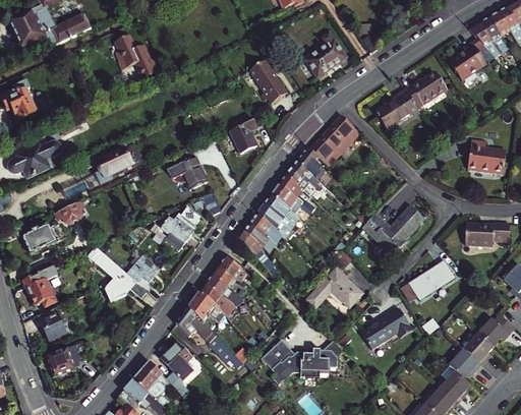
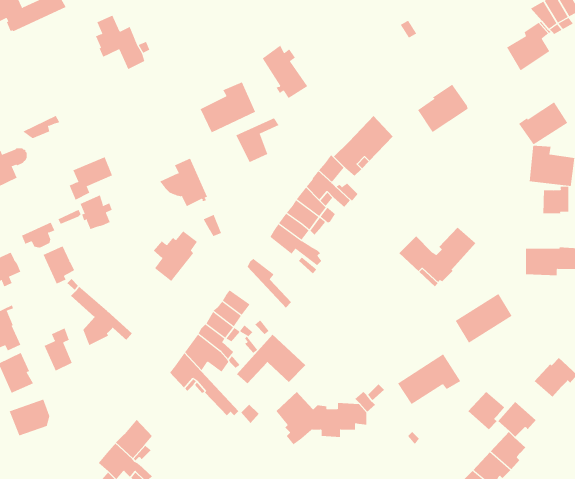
building: [305,35,346,76] -> none
building: [406,71,447,107] -> [518,101,568,145]
building: none -> [200,81,256,133]
building: none -> [543,186,569,214]
building: none -> [80,195,113,230]
building: [244,214,280,244] -> none
building: none -> [43,245,75,284]
building: [126,254,160,292] -> none
building: [306,266,363,307] -> [236,334,306,384]
building: none -> [44,327,73,371]
building: [457,331,487,362] -> [467,391,505,430]
building: [162,343,194,398] -> none

